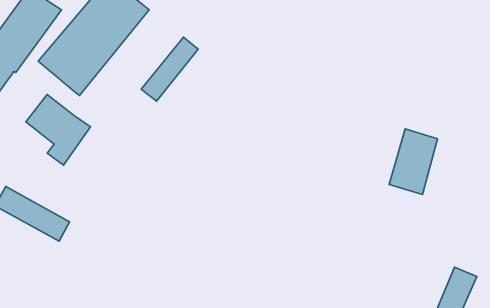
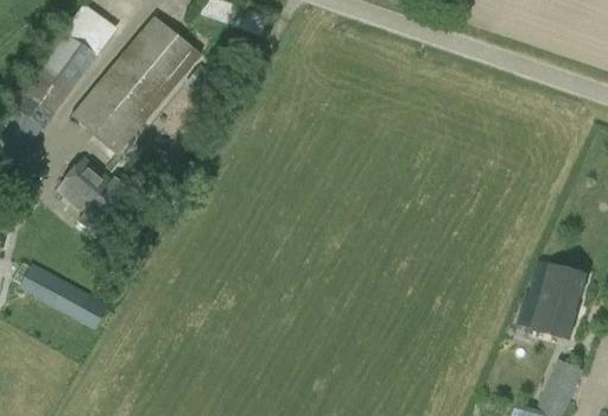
building: [141,37,198,101] -> none
building: [389,129,438,195] -> [531,263,588,340]

